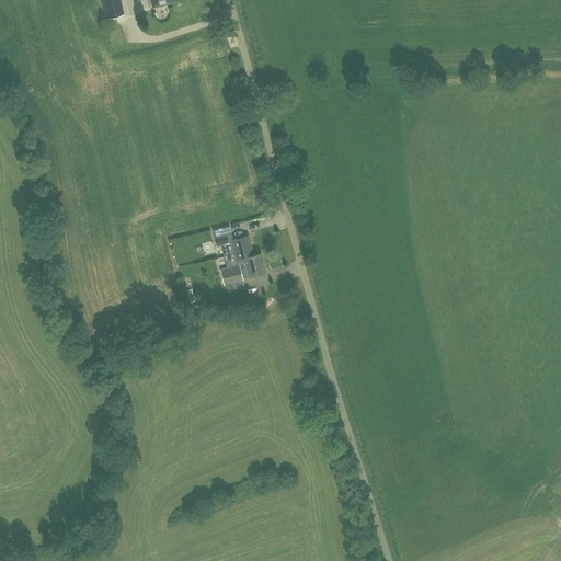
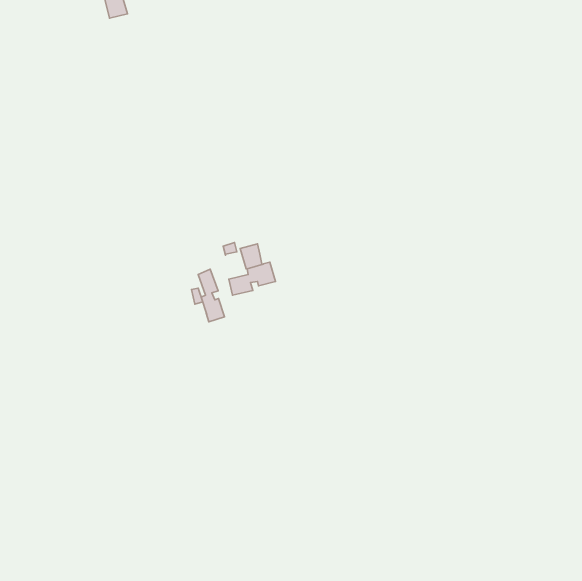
building: none -> [198,269,225,322]

